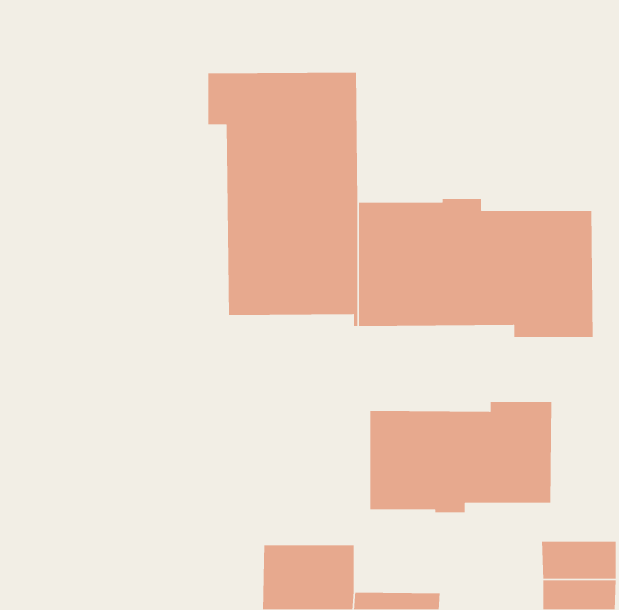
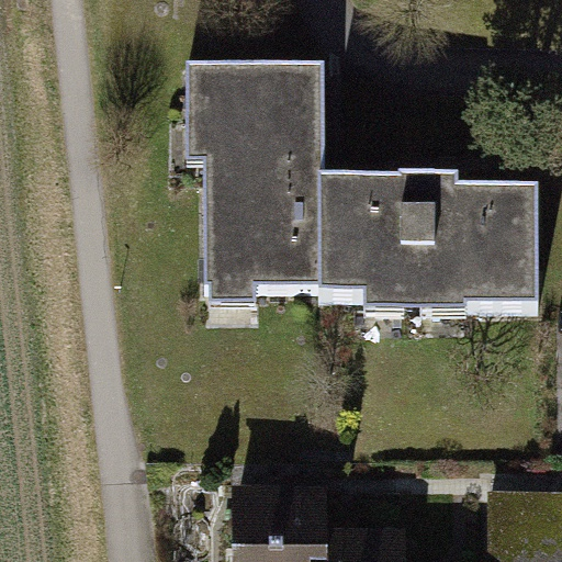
building: [369,401,552,513] -> none

